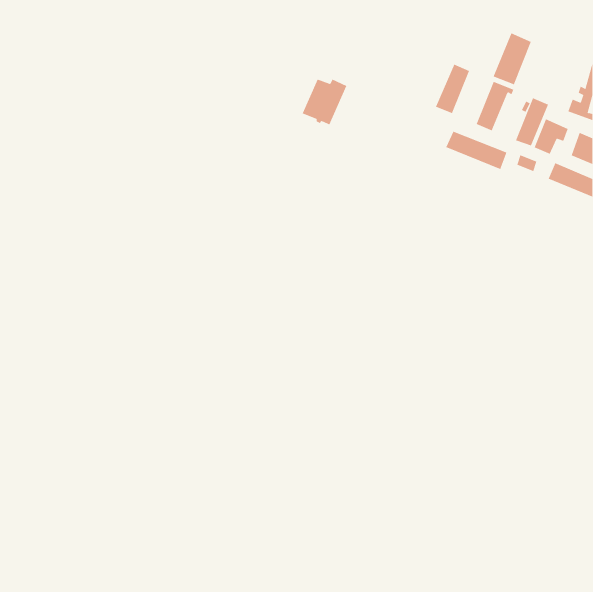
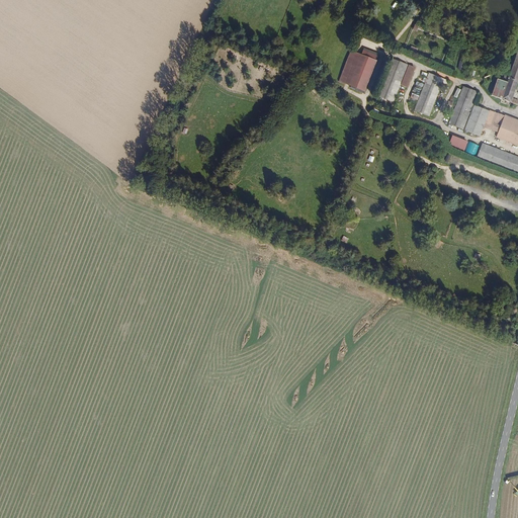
building: [493,32,531,85] -> none
building: [302,79,347,125] -> [340,48,379,88]
building: [445,131,507,170] -> none

